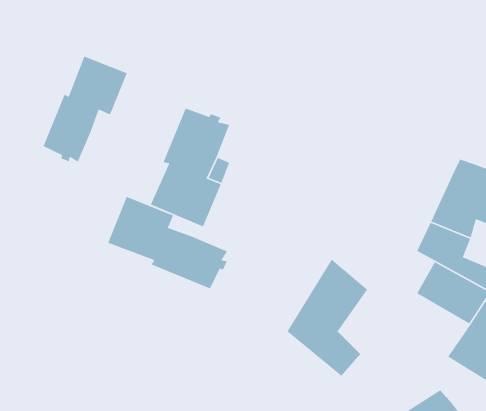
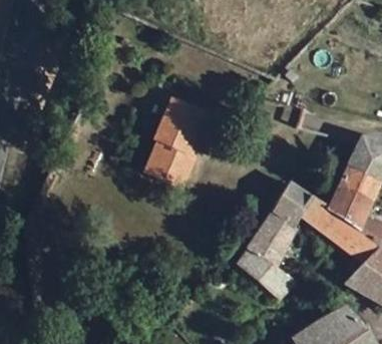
building: [42,55,128,163] -> none
building: [107,196,228,289] -> none
building: none -> [266,182,342,237]

